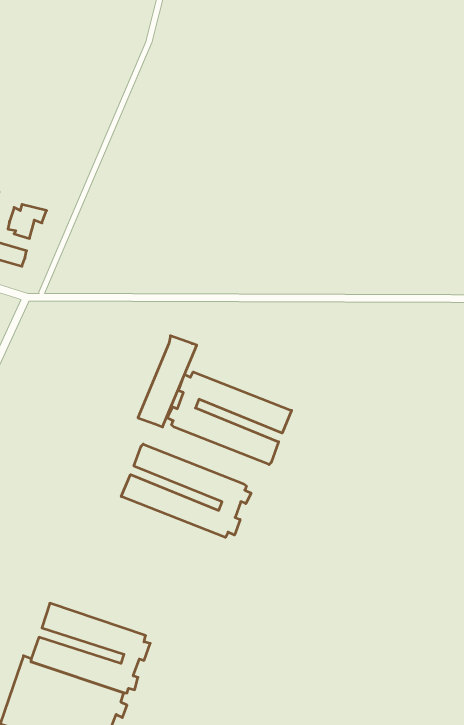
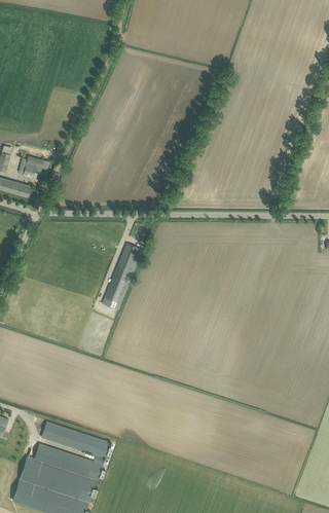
building: [167,372,292,465] -> none
building: [121,444,251,537] -> none

